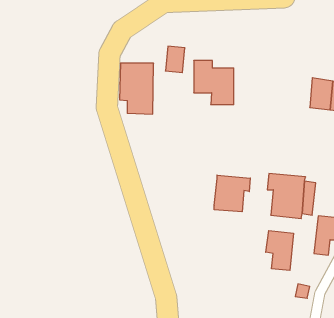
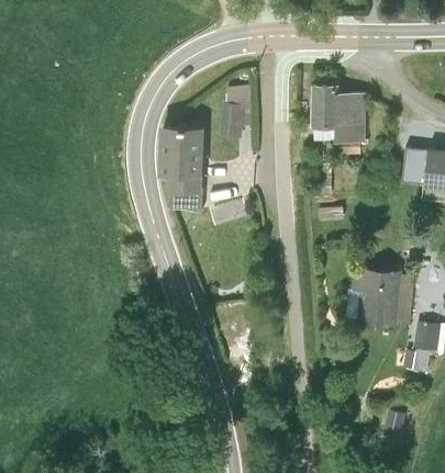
building: [194,61,234,105] -> [312,82,364,139]
building: [214,175,250,212] -> none
building: [266,231,293,270] -> none

